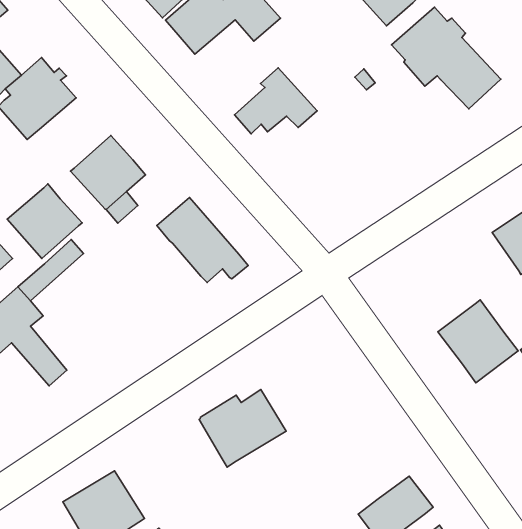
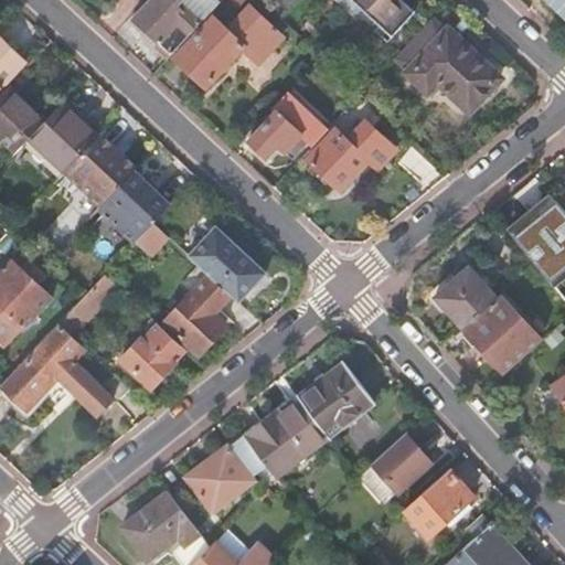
building: none -> [308,120,396,189]
building: [7,184,82,258] -> [65,134,137,205]
building: none -> [166,266,232,354]
building: none -> [435,267,497,329]
building: none -> [118,322,185,388]
building: none -> [297,362,375,437]
building: none -> [184,433,268,512]
building: none -> [372,434,430,492]

